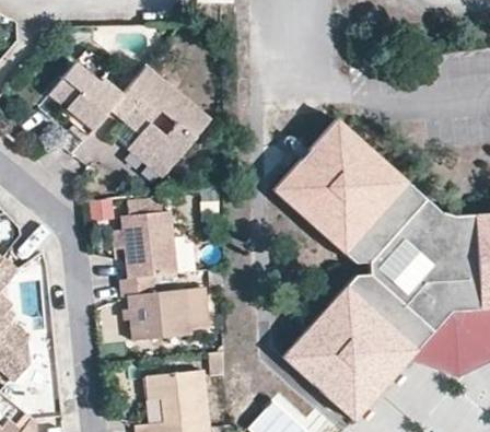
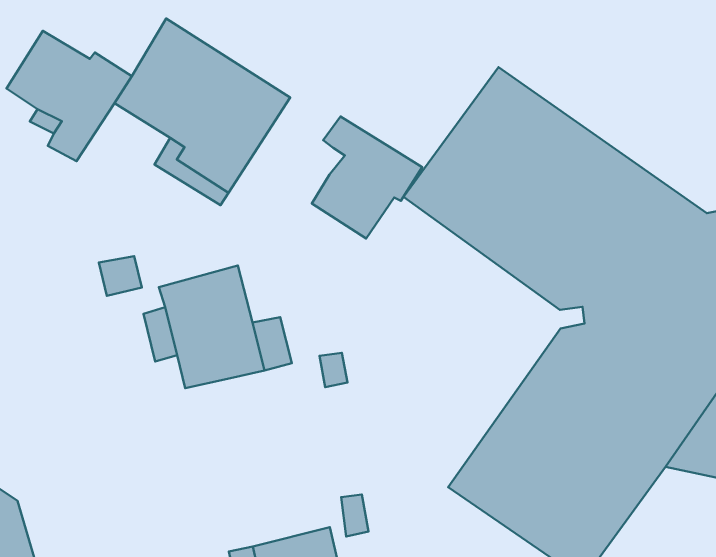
building: none -> [312,117,422,238]
building: [120,276,208,341] -> none

